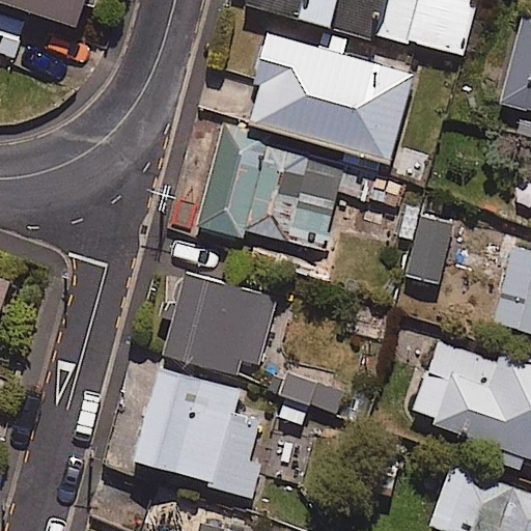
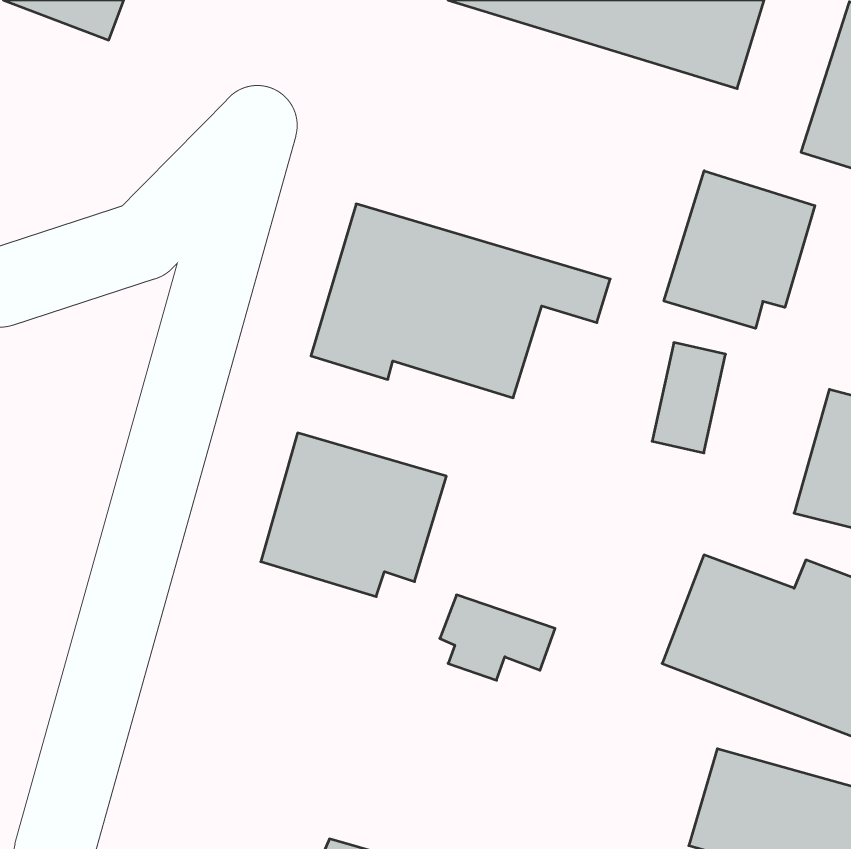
building: [249,31,413,163] -> none
building: none -> [664,171,815,328]
building: [132,364,260,496] -> none

